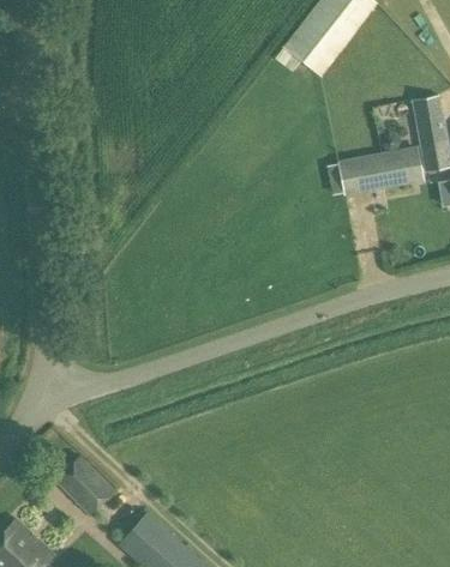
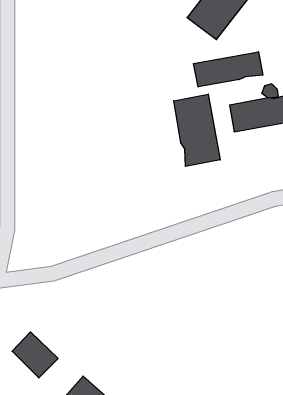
building: none -> [194,52,263,87]
building: none -> [174,94,220,166]

